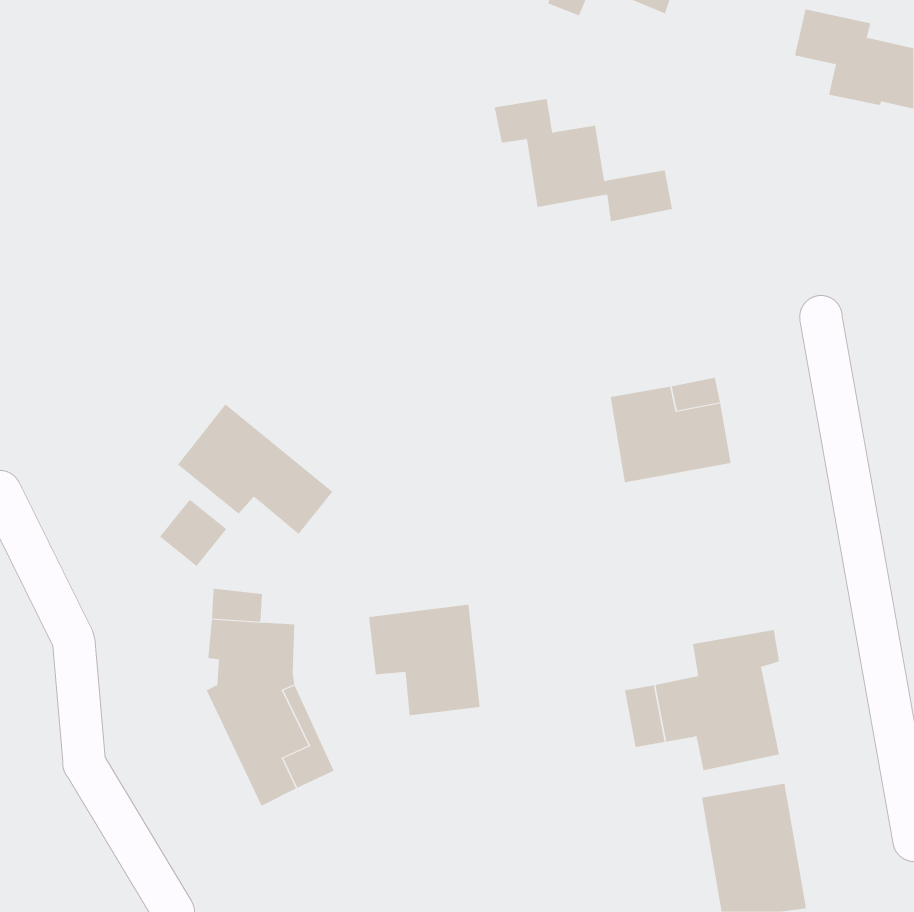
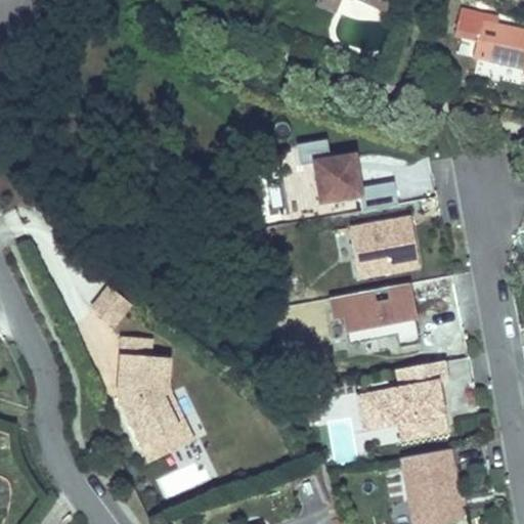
building: [494,98,673,222] -> [295,139,397,210]
building: [177,404,333,535] -> none
building: none -> [331,282,420,347]
building: [369,604,480,716] -> none

